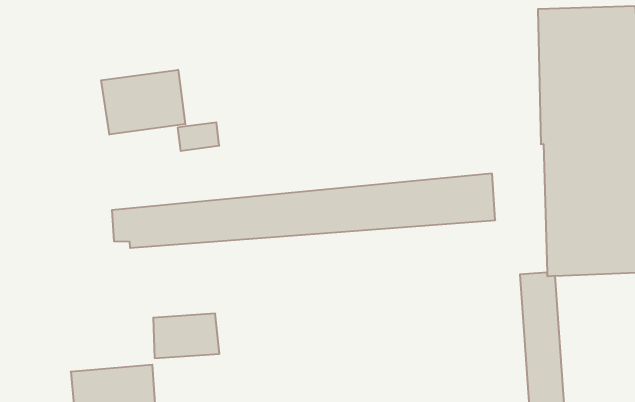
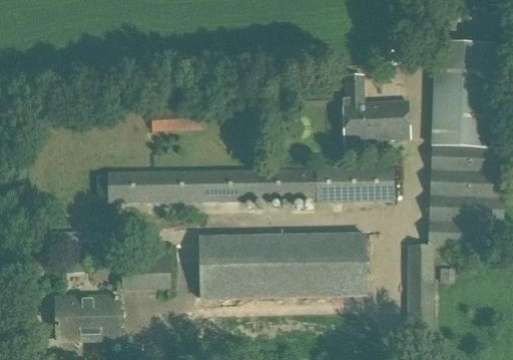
building: none -> [343,74,409,147]
building: [101,70,185,135] -> none
building: none -> [198,231,368,299]

